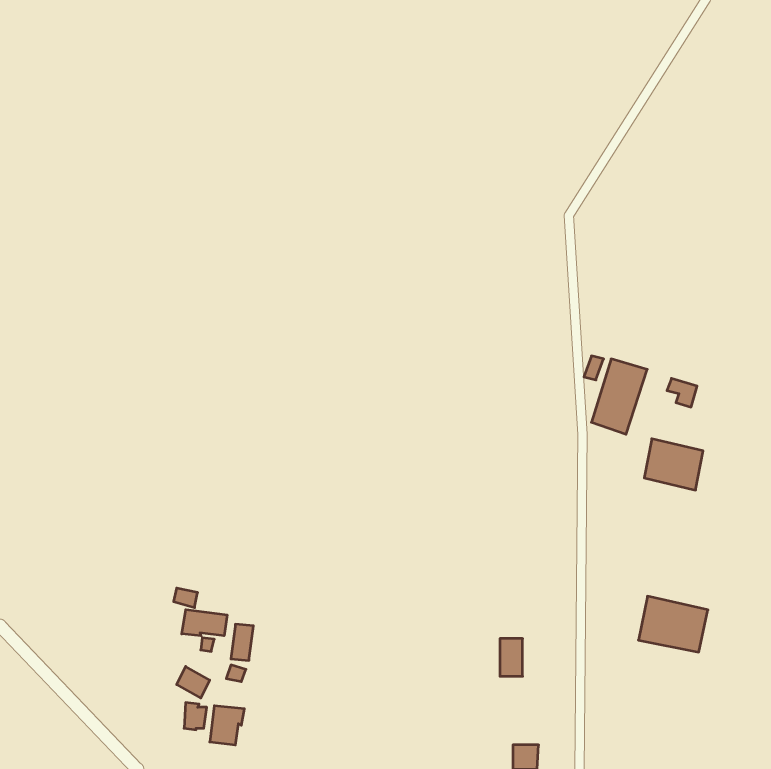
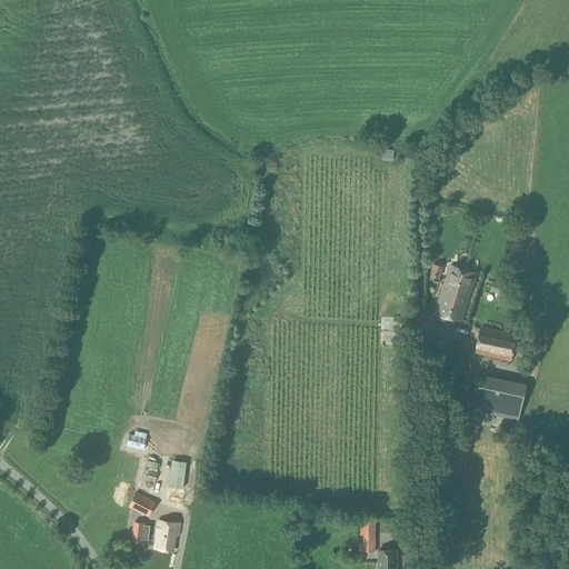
building: [638,596,708,652] -> [476,376,527,417]
building: [182,610,227,636] -> none
building: [500,639,523,676] -> [359,520,376,548]

